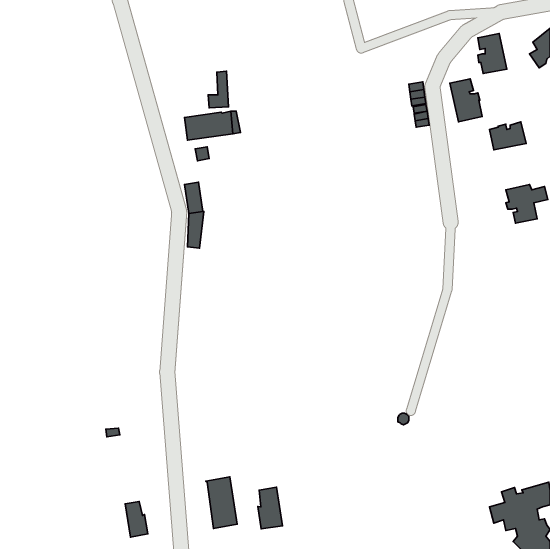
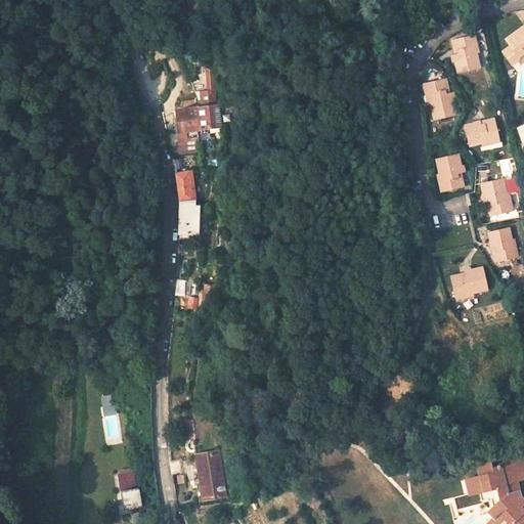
building: none -> [436,151,464,189]
building: none -> [487,226,515,261]
building: none -> [449,266,487,297]
building: [258,487,283,529] -> none

